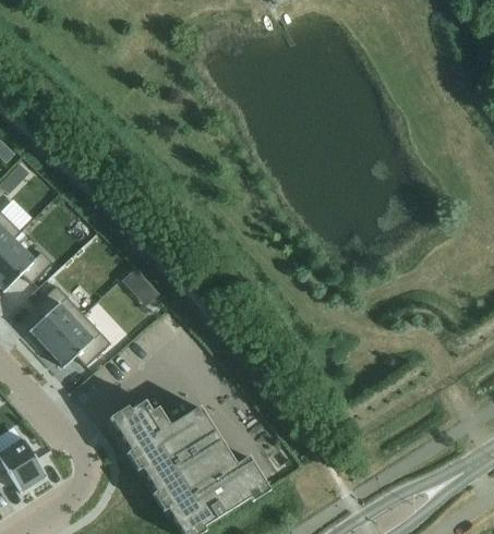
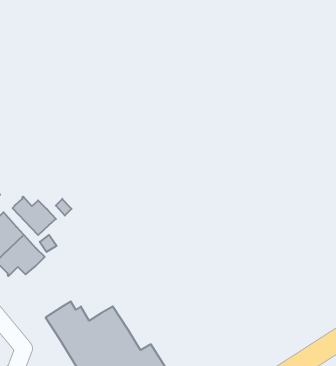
building: none -> [13,197,56,235]

